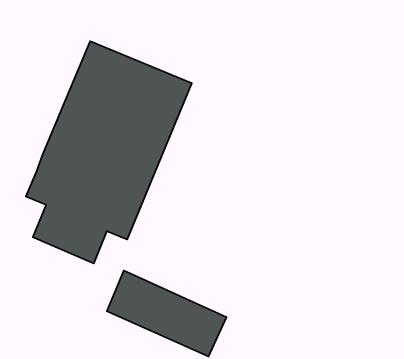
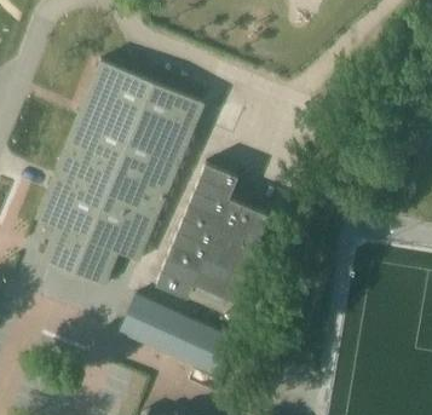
building: none -> [156,163,270,301]

